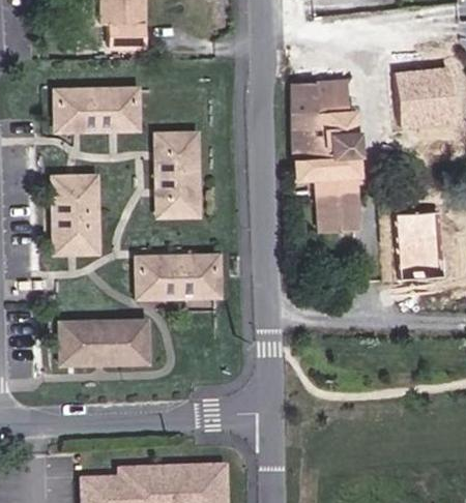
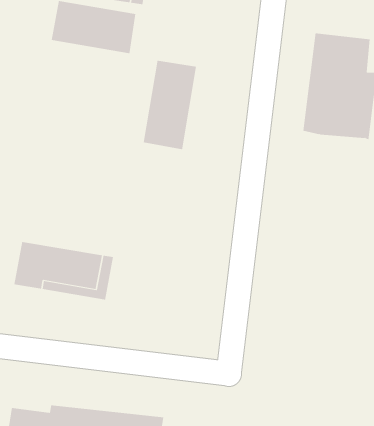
building: [323,175,369,235] -> none
building: [54,178,95,253] -> none
building: [139,255,219,294] -> none

